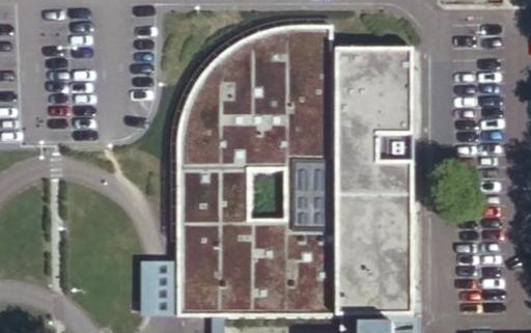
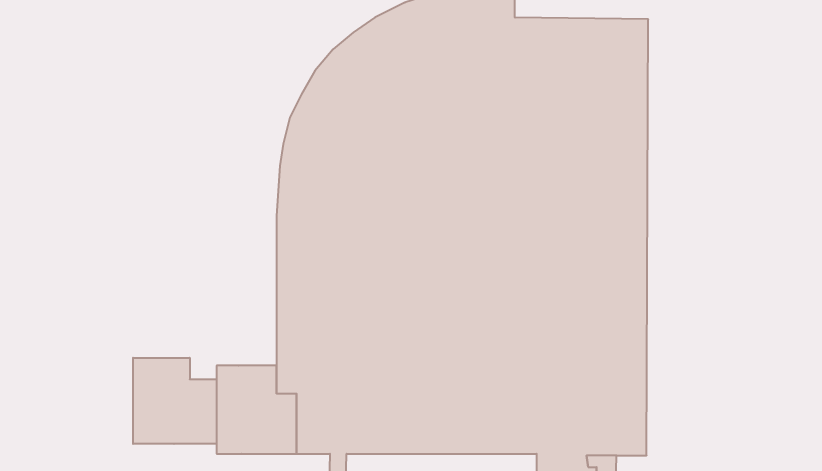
building: none -> [133,358,217,444]

